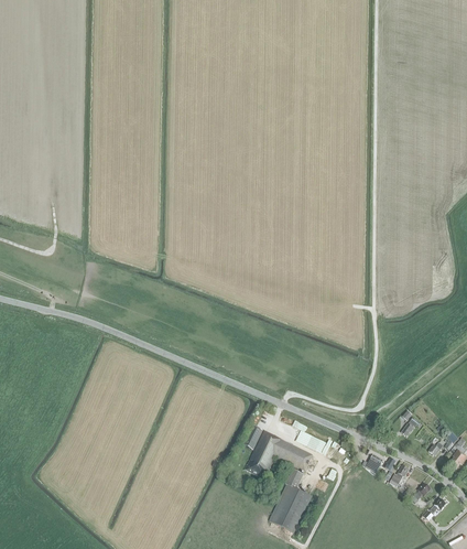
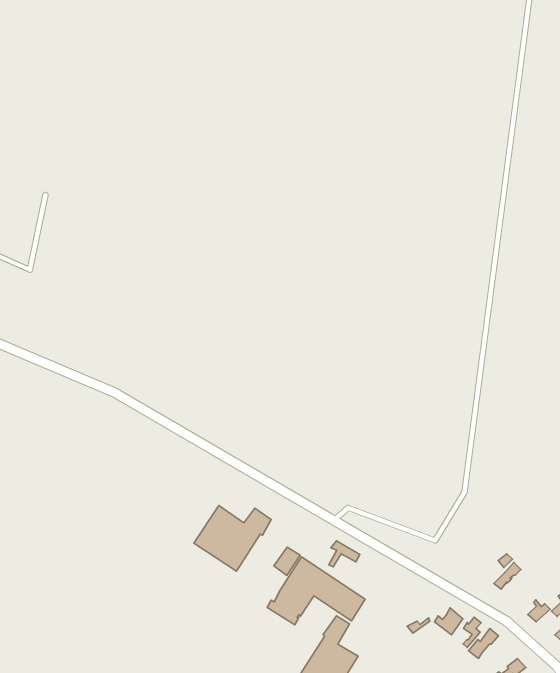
building: none -> [194,505,271,571]

